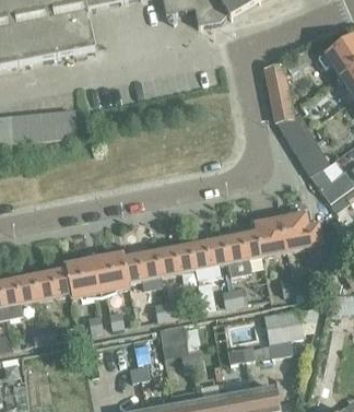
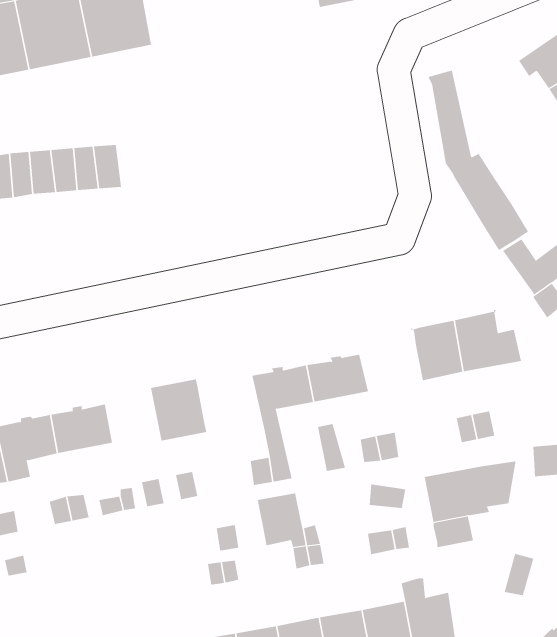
building: [223,232,261,274] -> none
building: [123,250,164,289] -> none
building: [66,258,101,296] -> none

